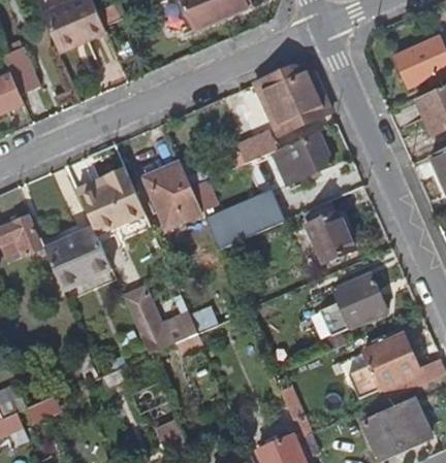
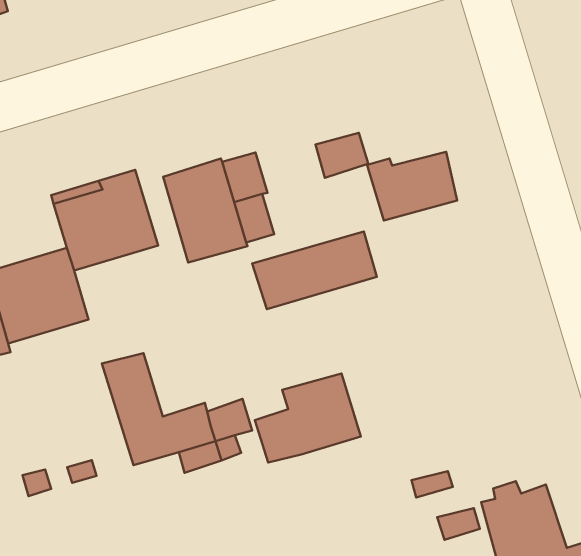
building: [253,66,331,132] -> none
building: [305,200,355,261] -> none
building: [320,274,386,334] -> [255,373,361,462]

